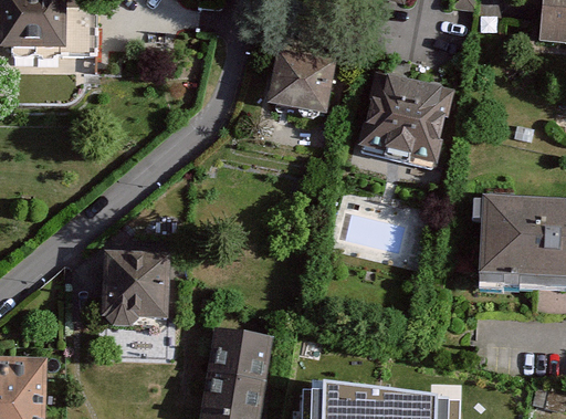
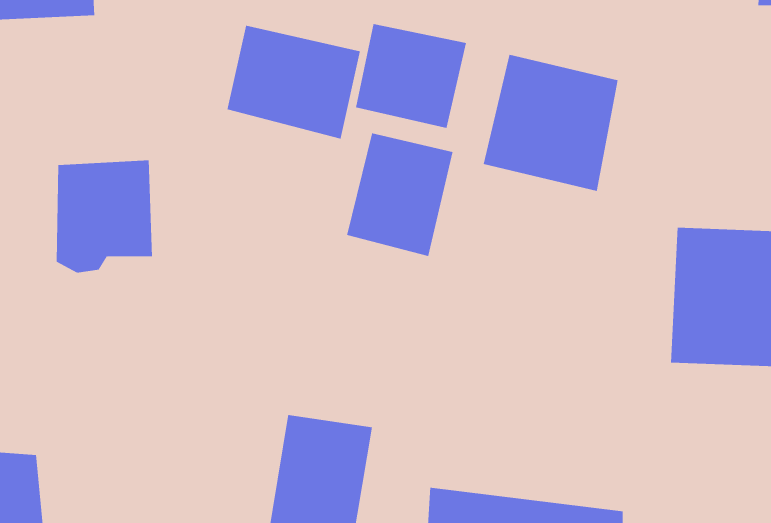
building: none -> [227,25,361,140]
building: none -> [346,133,453,257]
building: [105,250,171,327] -> [56,160,153,273]

